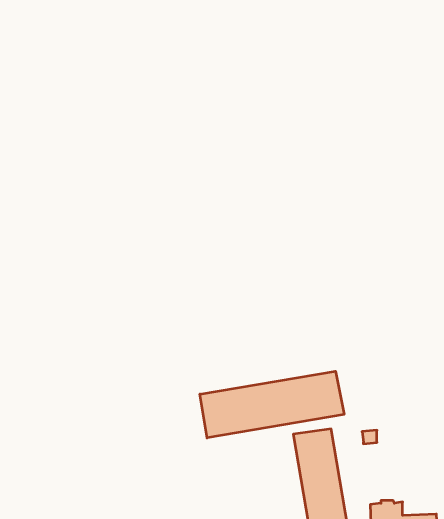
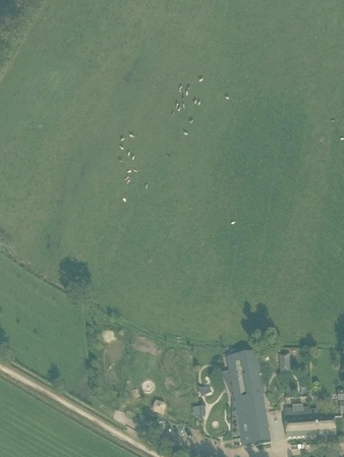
building: [200,371,344,438] -> none

